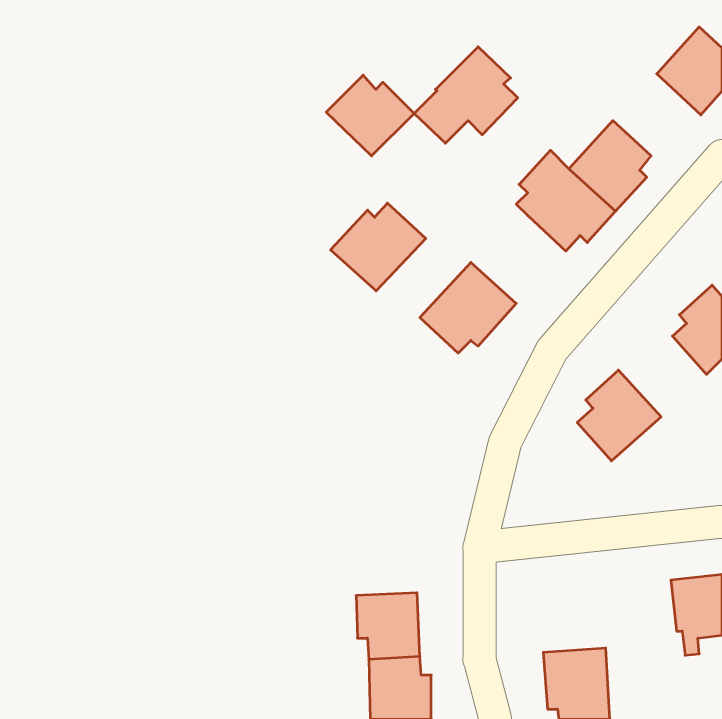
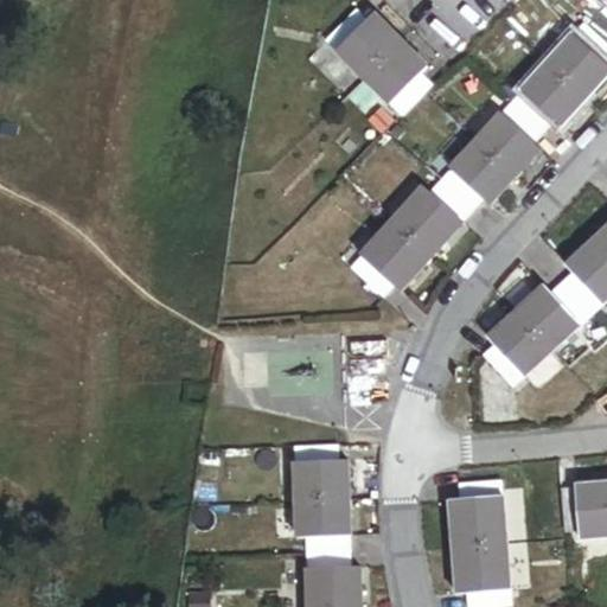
building: none -> [512,62,586,130]
building: [326,75,414,156] -> [326,7,400,75]
building: [331,203,426,291] -> [394,180,473,254]
building: none -> [517,281,590,349]
building: none -> [295,442,349,498]
building: none -> [451,479,506,545]

